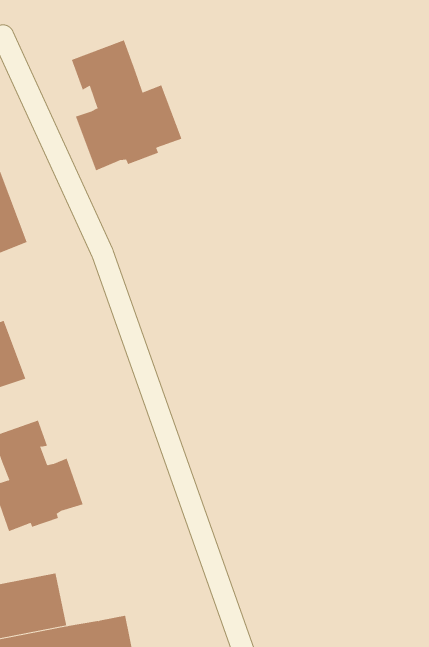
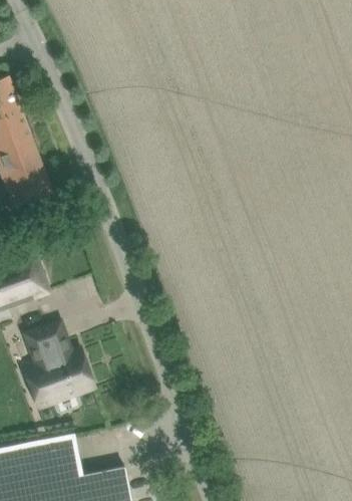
building: [71,39,182,171] -> none

